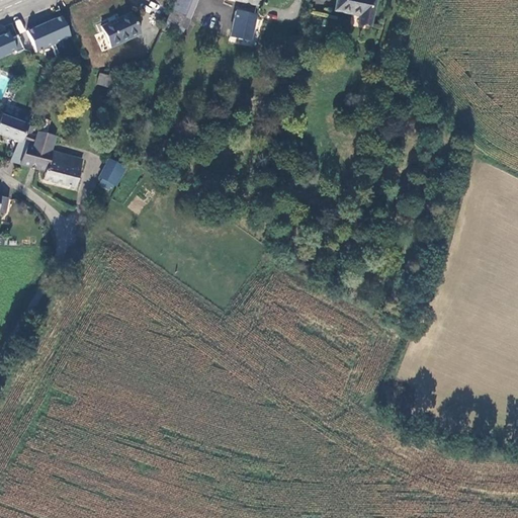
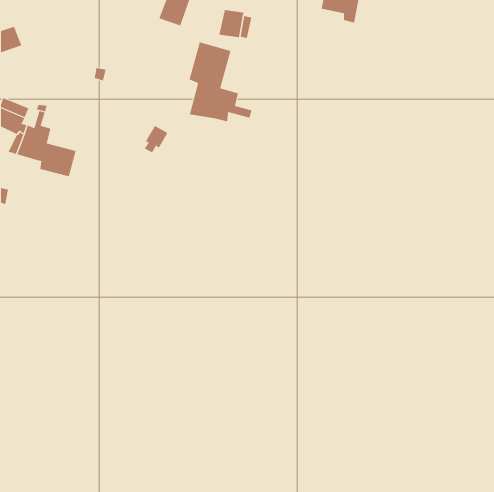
building: [102,11,141,46] -> none
building: [26,14,71,51] -> none
building: none -> [189,41,252,122]
building: [100,159,125,188] -> [144,125,168,153]

